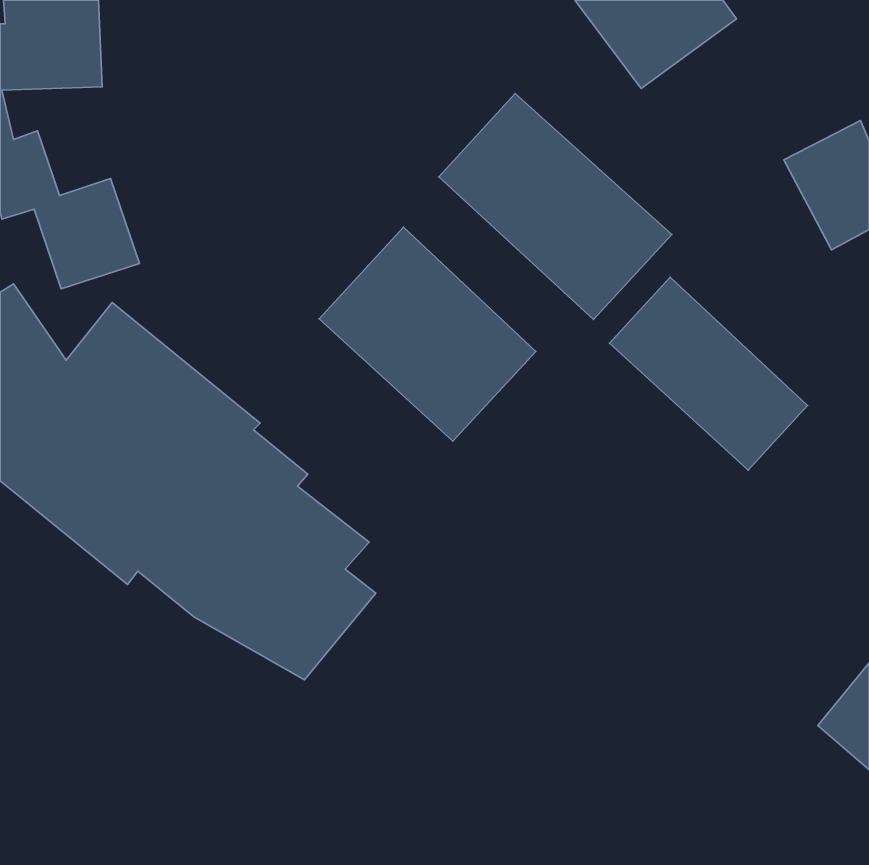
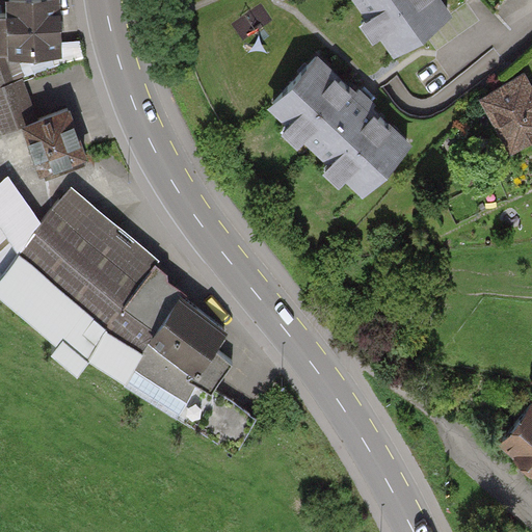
building: [319,227,536,441] -> none
building: [609,277,808,470] -> none

